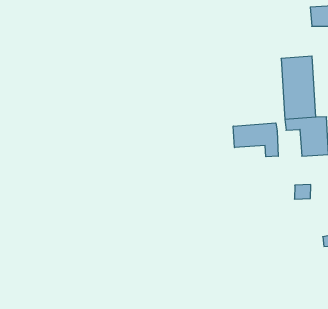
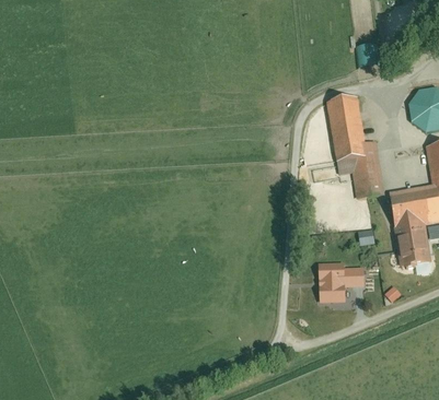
building: [233,123,278,157] -> none
building: none -> [319,263,362,301]

